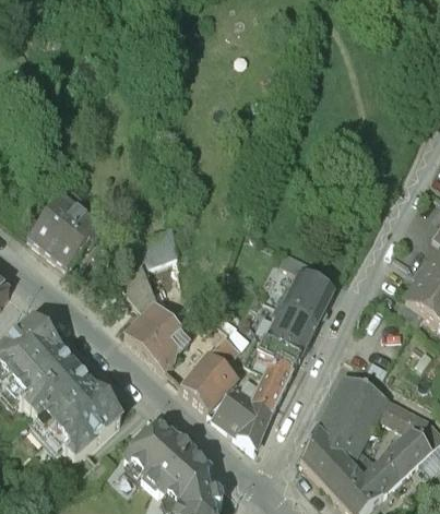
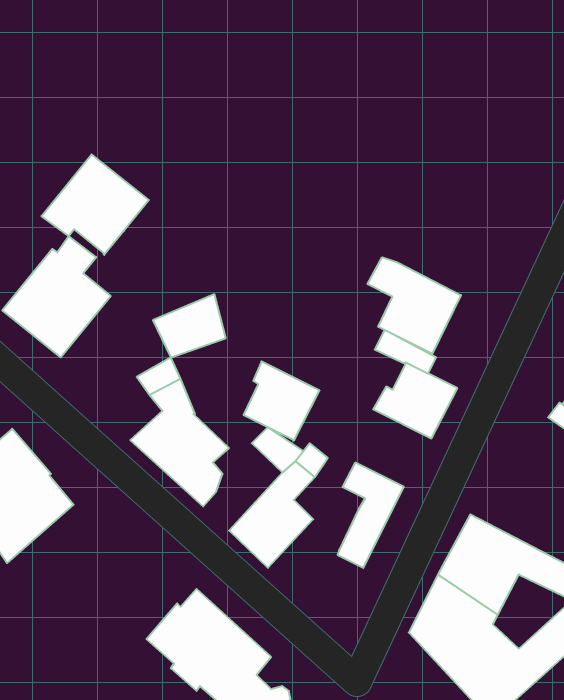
building: none -> [41,154,149,255]
building: none -> [367,257,461,354]
building: [266,302,318,356] -> [244,361,320,441]
building: [32,367,122,456] -> none
building: [214,384,272,445] -> none

